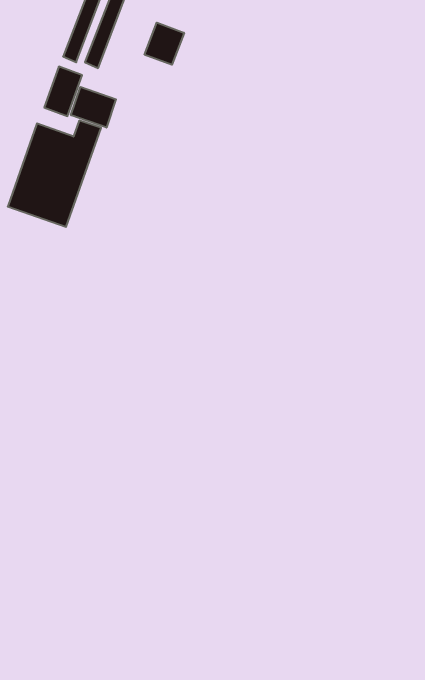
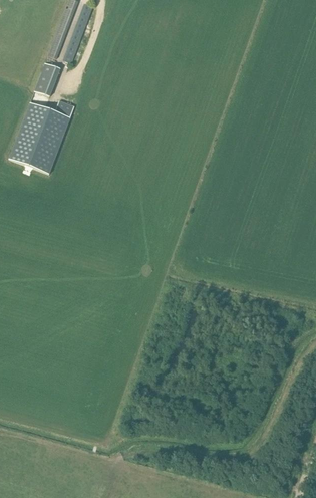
building: [145,23,184,65] -> none
building: [71,87,116,128] -> none

